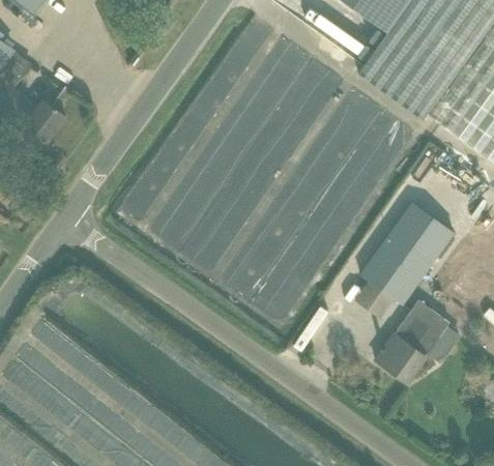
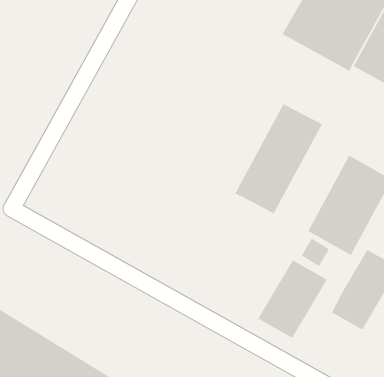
building: none -> [234,104,323,214]
building: none -> [257,260,328,339]

